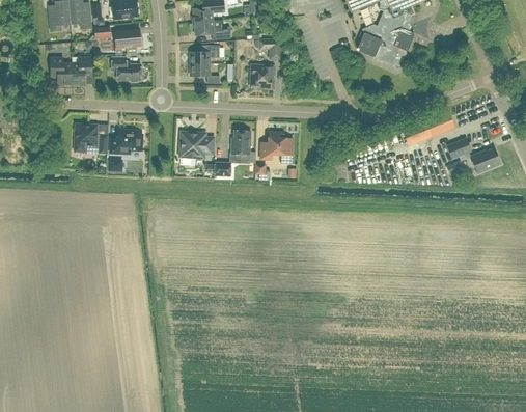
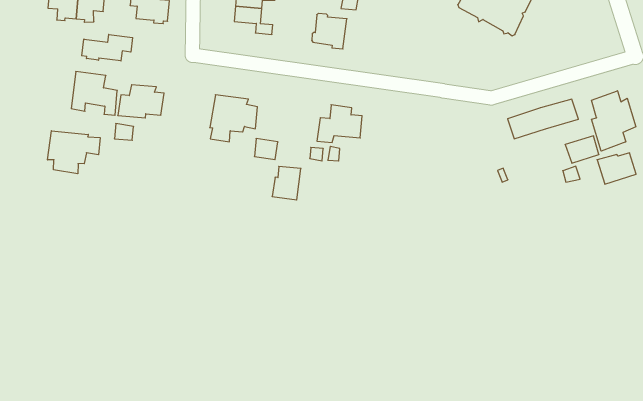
building: none -> [82,34,133,61]
building: none -> [591,91,636,151]
building: [230,131,250,155] -> [272,166,301,200]
building: none -> [48,131,100,174]

